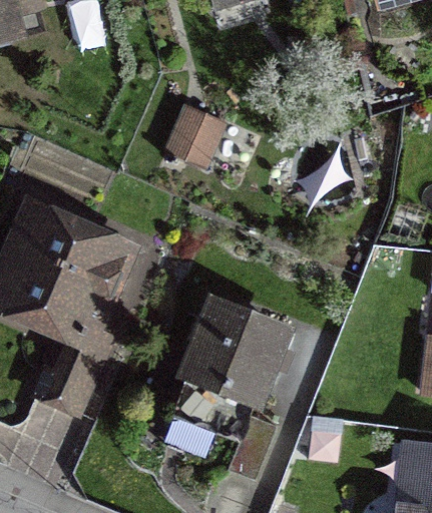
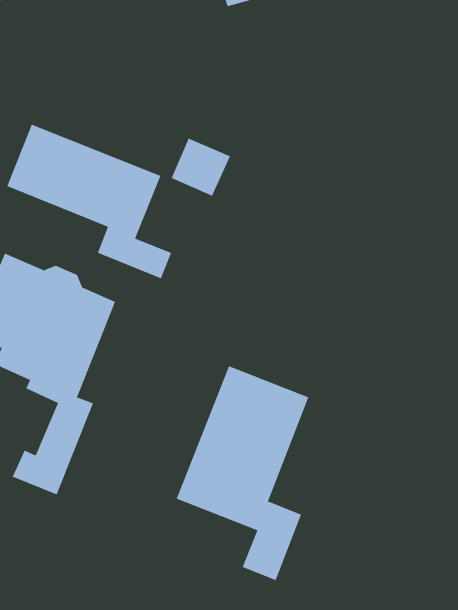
building: none -> [6,124,172,279]

